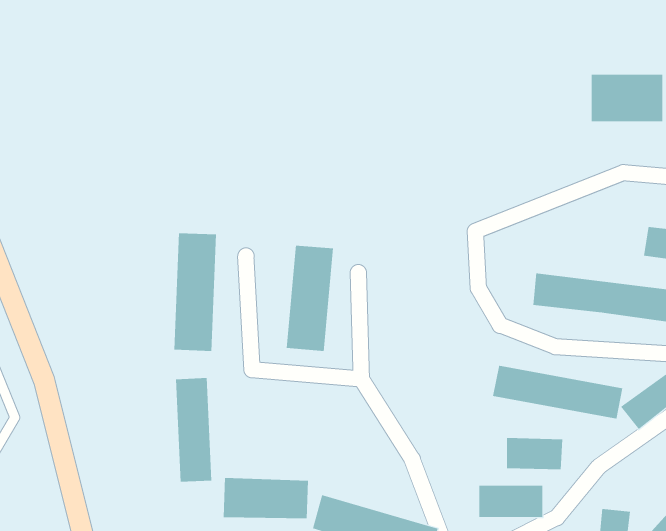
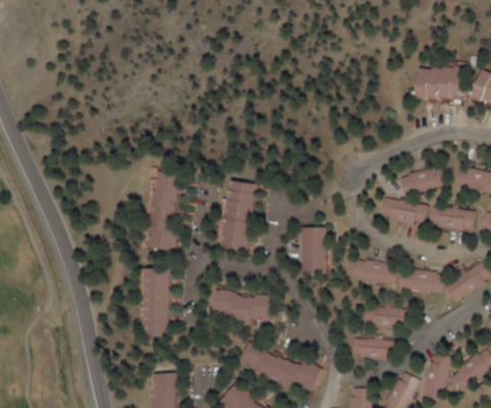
building: none -> [403,169,449,195]
building: none -> [305,227,328,273]
building: [223,477,309,519] -> [216,293,273,320]

